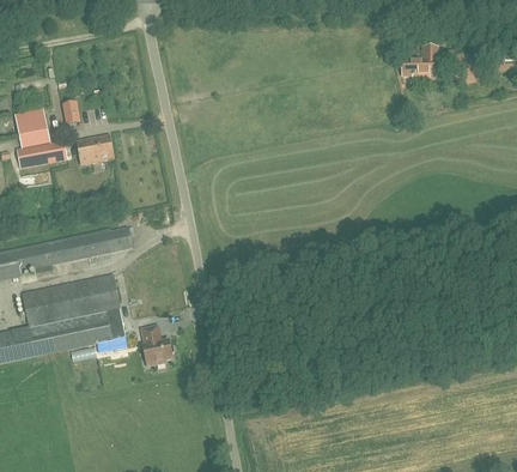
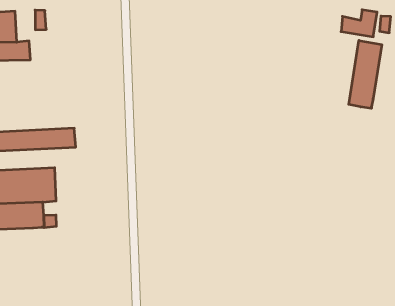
building: none -> [349,40,382,108]
building: [75,134,112,163] -> none
building: [141,325,174,364] -> none

